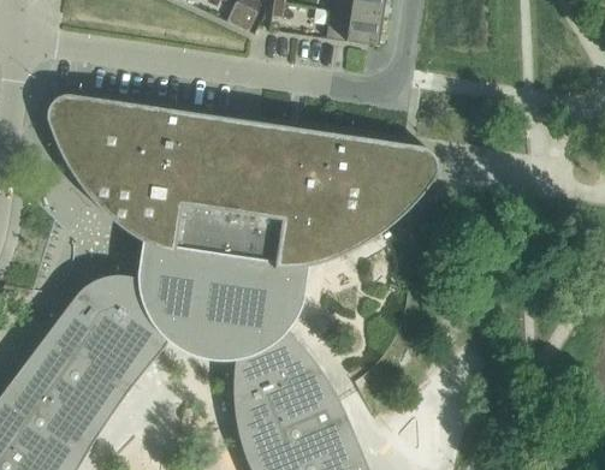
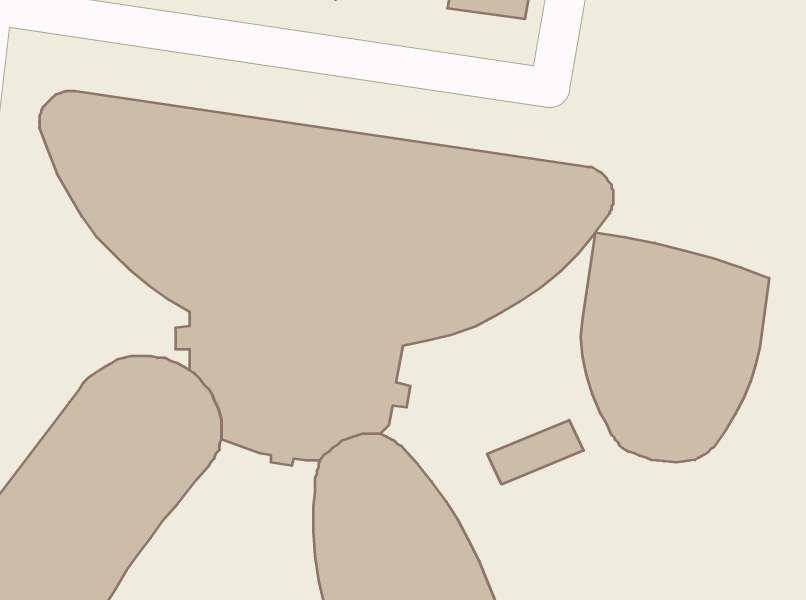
building: none -> [581,232,769,462]
building: none -> [487,420,584,484]

